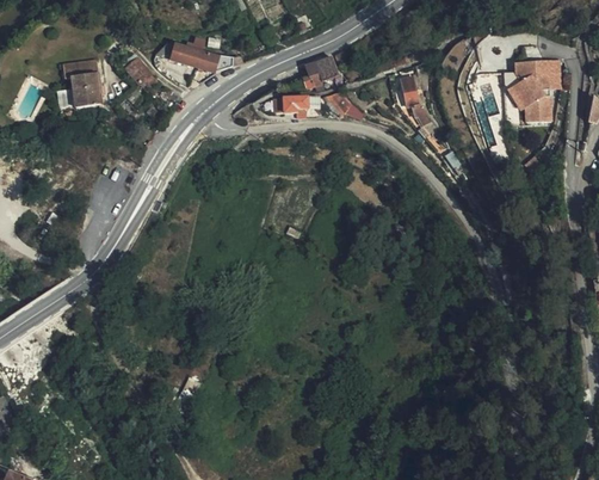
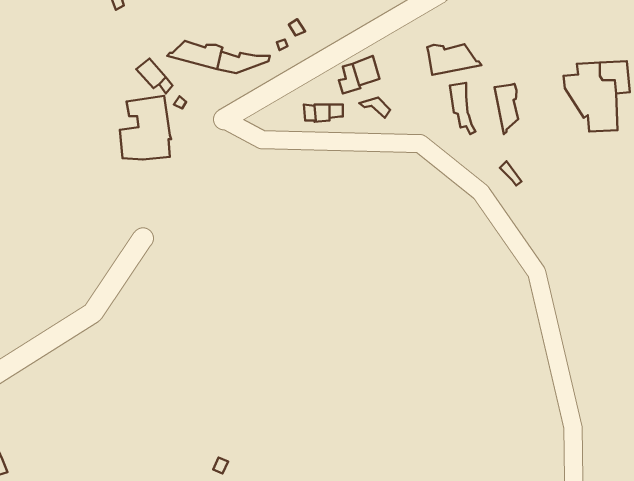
building: none -> [427,44,481,75]
building: [60,59,105,115] -> [120,96,171,160]
building: none -> [495,84,518,134]

